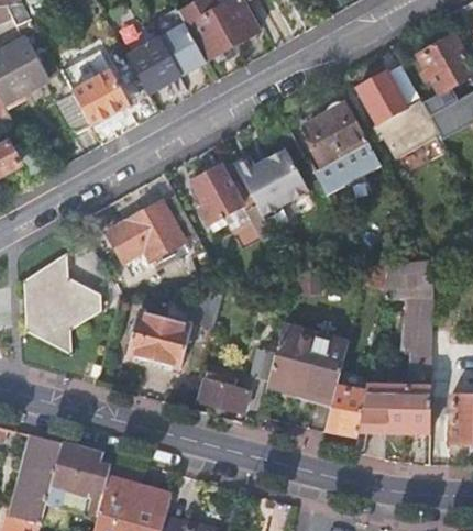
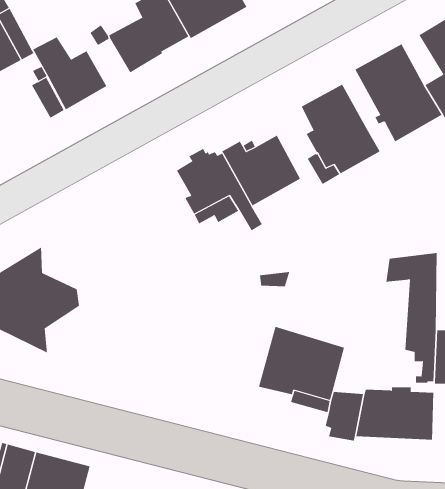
building: [107,195,197,277] -> none
building: [125,311,188,367] -> none
building: [199,378,250,411] -> none

